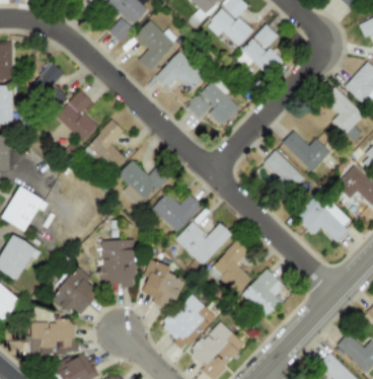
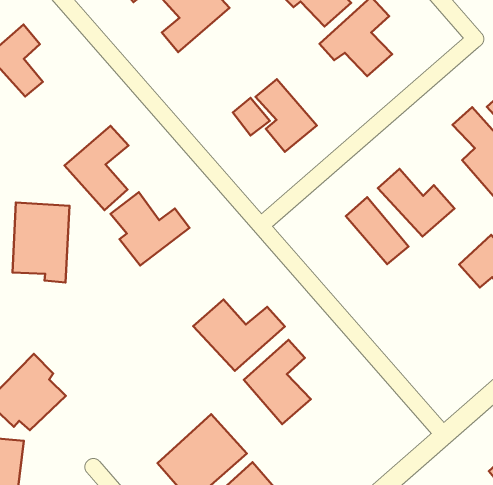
building: [154,51,204,90] -> none
building: [56,90,98,142] -> none
building: [151,192,201,231] -> none
building: [294,196,349,242] -> none
building: [100,239,136,287] -> [12,203,69,282]
building: [141,258,183,309] -> none
building: [242,268,284,317] -> none

